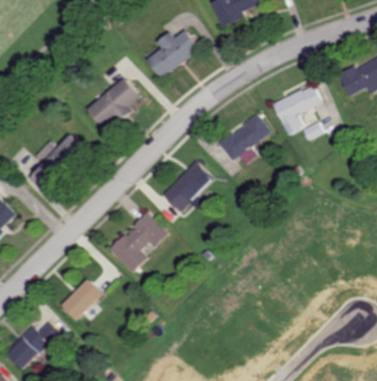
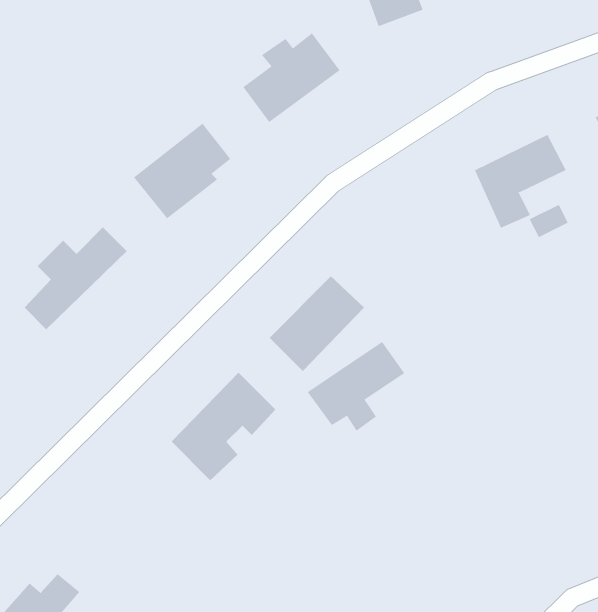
building: [217,114,270,163] -> [307,341,405,432]
building: [59,278,101,320] -> none

